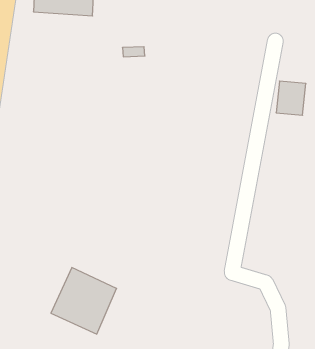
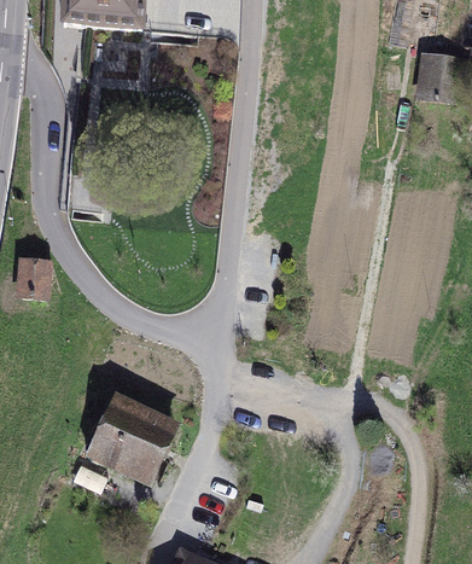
building: [276,81,306,115] -> [419,53,462,103]
building: none -> [16,257,53,303]

